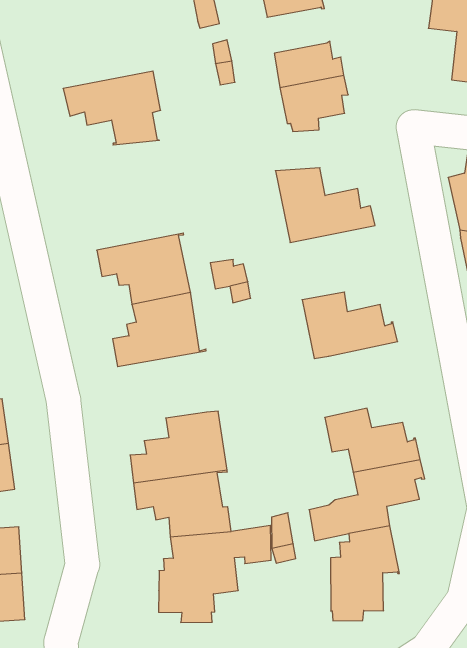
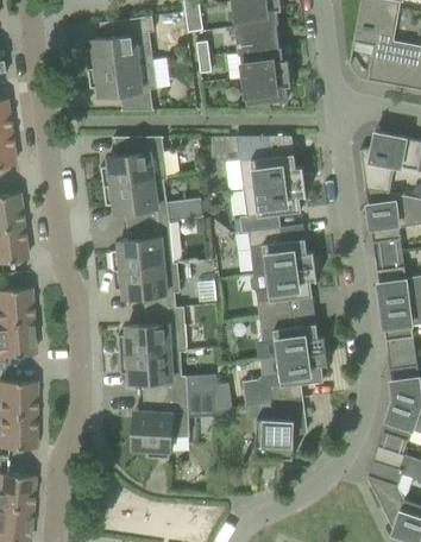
building: none -> [234,21,281,53]
building: none -> [84,15,153,68]
building: none -> [100,137,166,185]
building: none -> [240,181,306,232]
building: none -> [256,265,316,316]
building: none -> [113,263,180,309]

